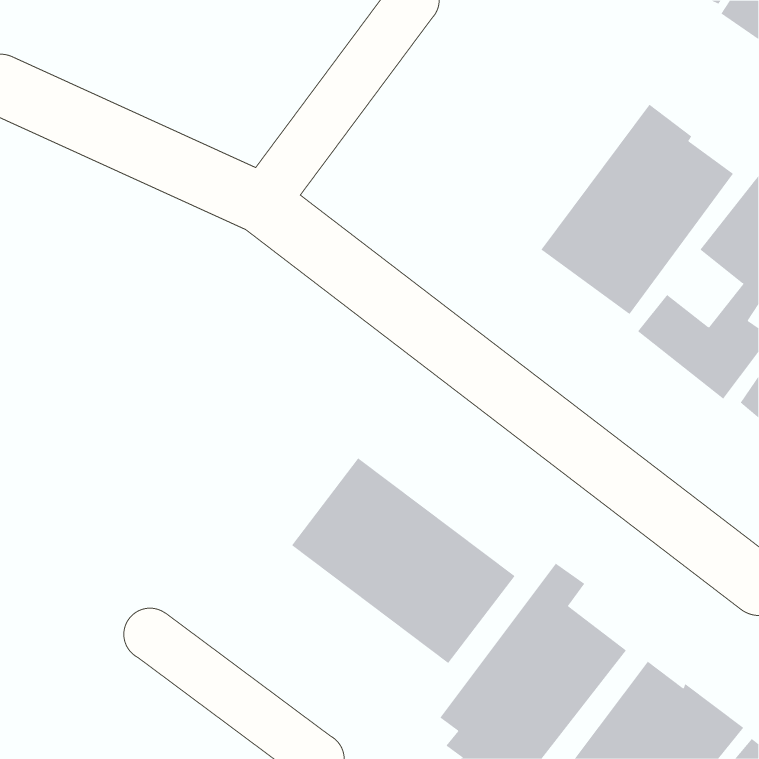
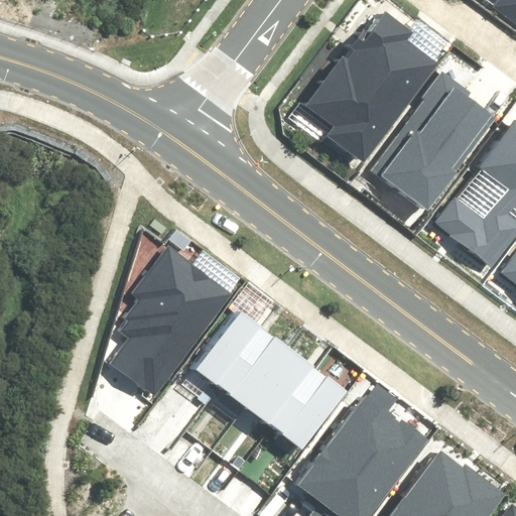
building: none -> [306,12,440,163]
building: none -> [113,247,229,394]

